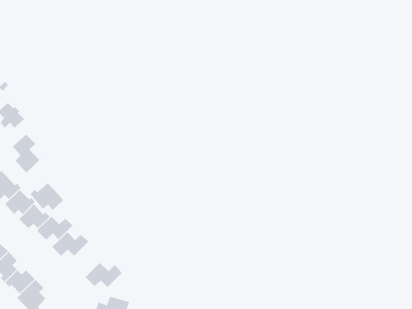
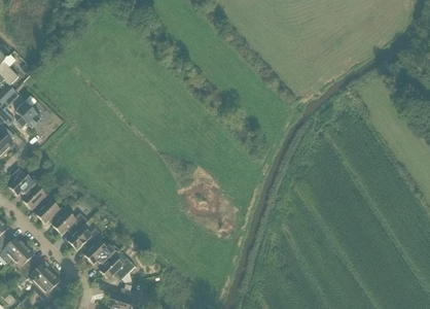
building: [12,134,45,173] -> none
building: [30,180,64,211] -> none
building: none -> [82,235,118,263]

